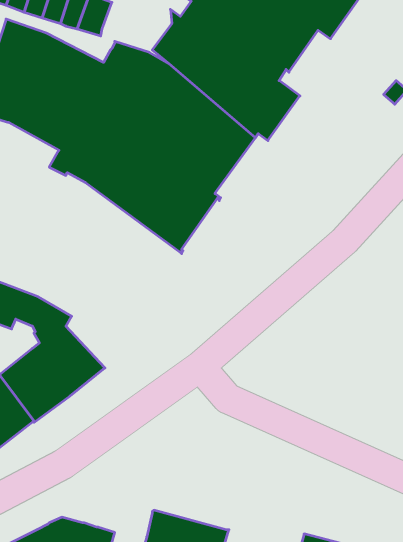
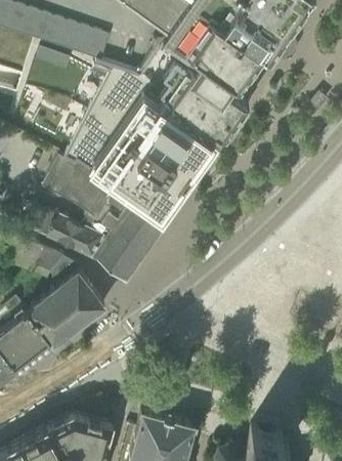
building: none -> [39,154,167,279]

